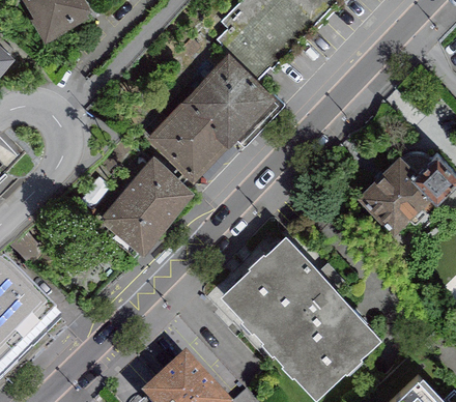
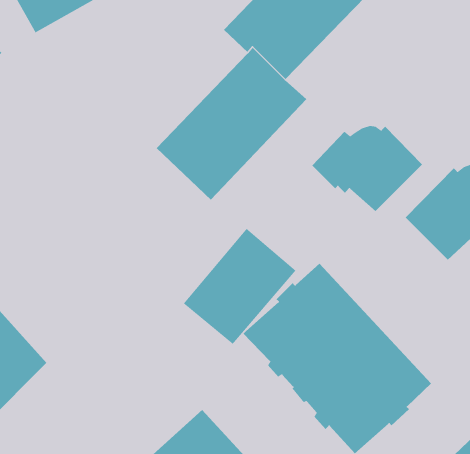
building: none -> [312,125,423,212]
building: [99,156,196,256] -> [183,228,296,345]

